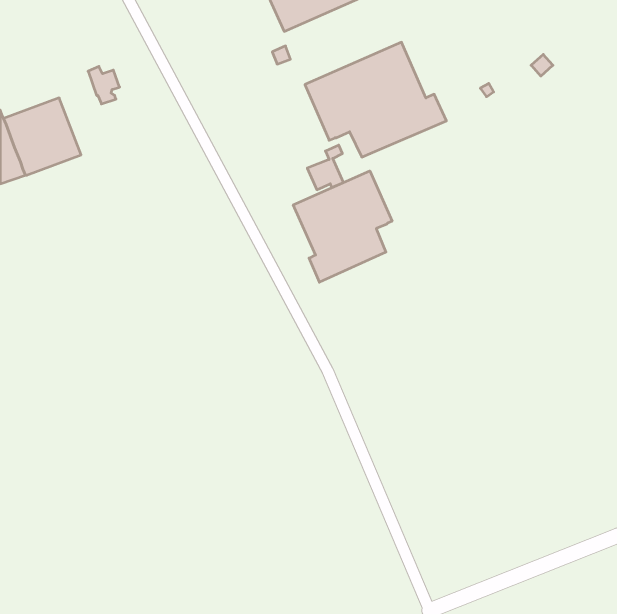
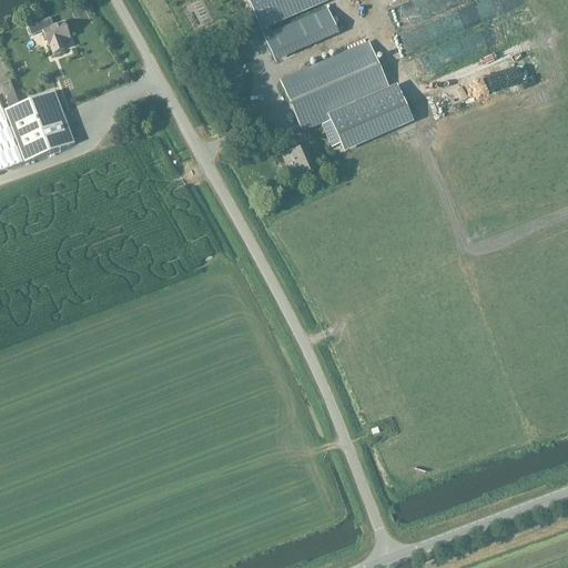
building: none -> [265,7,339,59]
building: [88,66,120,104] -> [41,17,70,51]
building: [293,171,392,282] -> none

